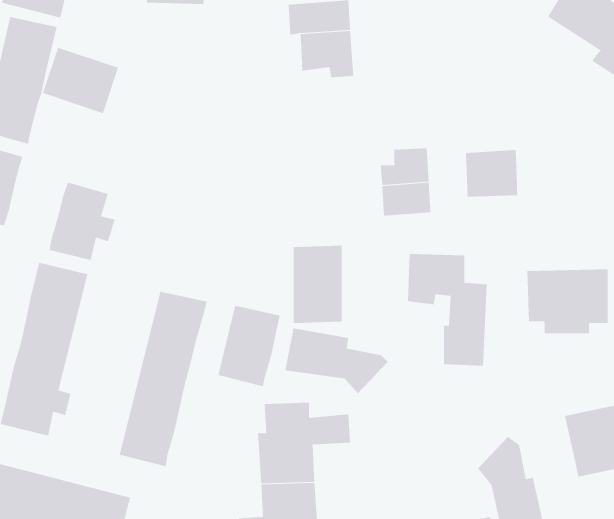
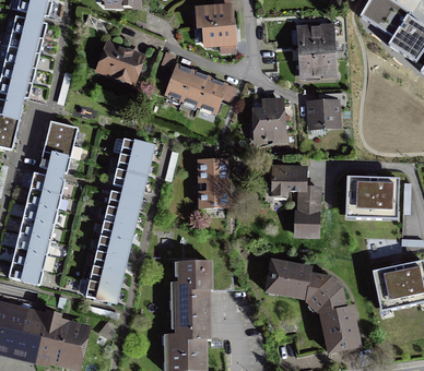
building: none -> [301,24,335,74]
building: [42,47,119,114] -> [96,43,145,85]
building: none -> [165,63,227,112]
building: [218,305,281,387] -> [114,139,154,191]
building: [284,328,389,394] -> [268,261,334,303]

